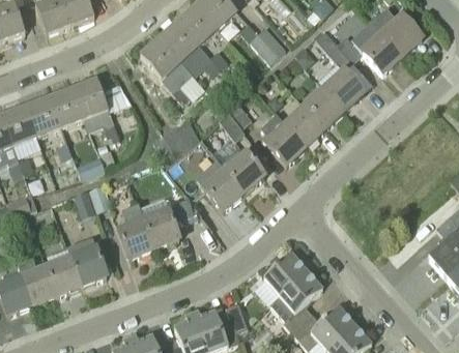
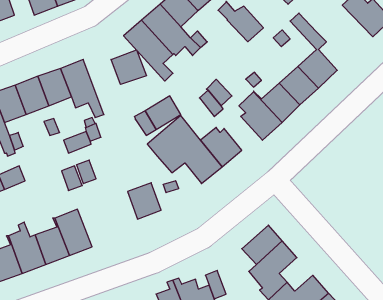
building: [324,22,402,75] -> none
building: none -> [111,50,147,84]
building: [117,204,154,258] -> none

